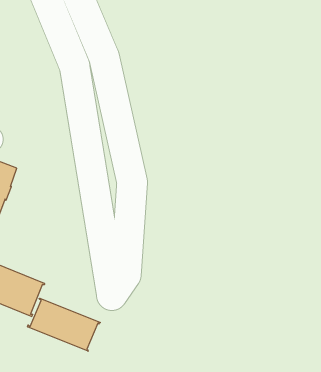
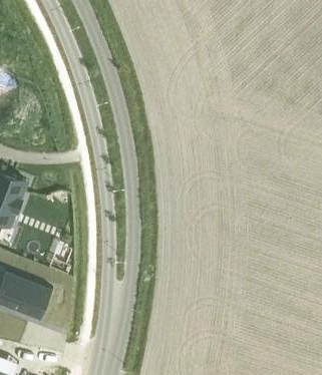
building: [28,298,100,351] -> none

